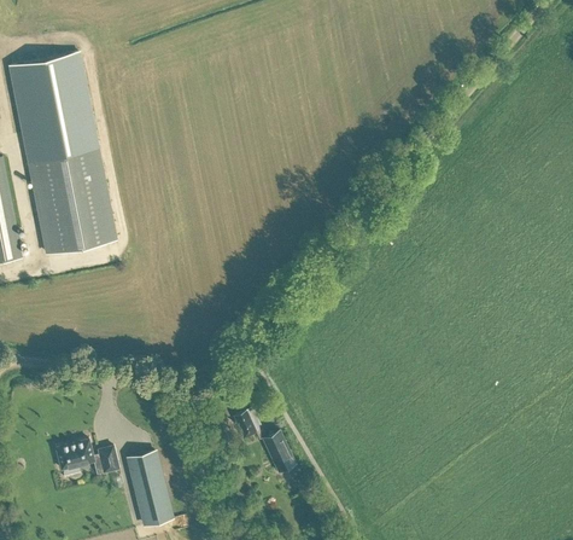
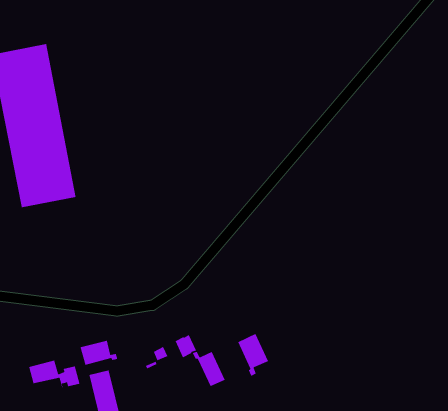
building: none -> [237,333,269,377]
building: none -> [80,340,118,366]

